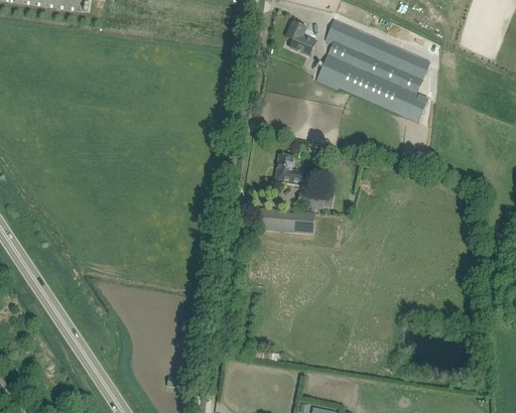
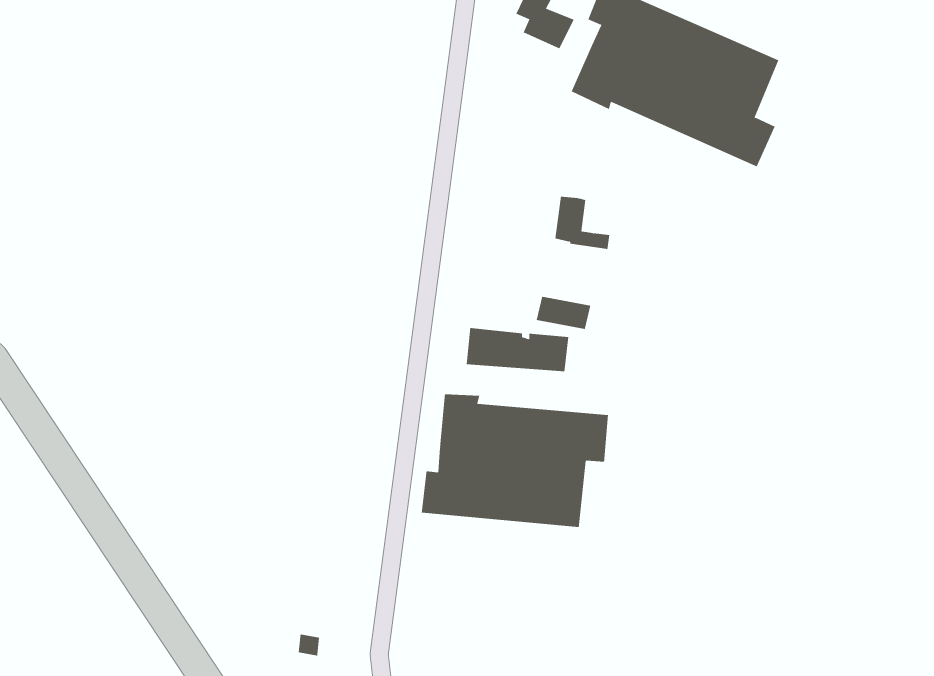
building: [275,154,305,183] -> [555,196,610,250]
building: none -> [421,394,608,528]

